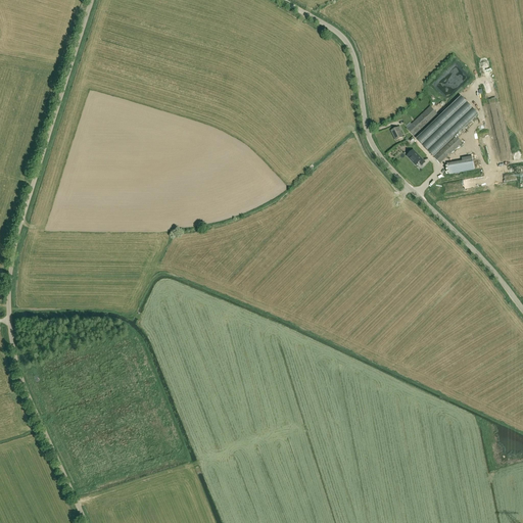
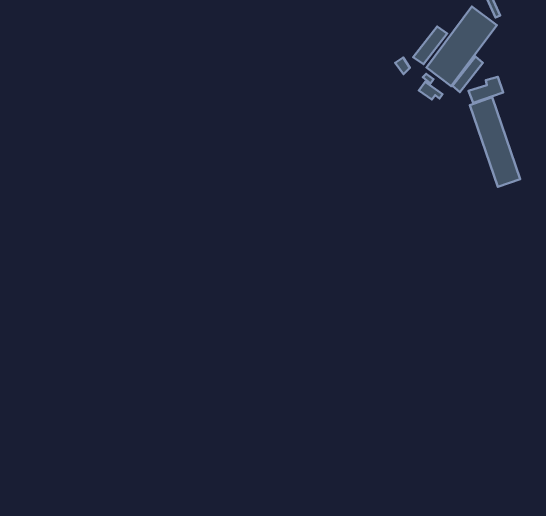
building: none -> [470,97,520,187]

